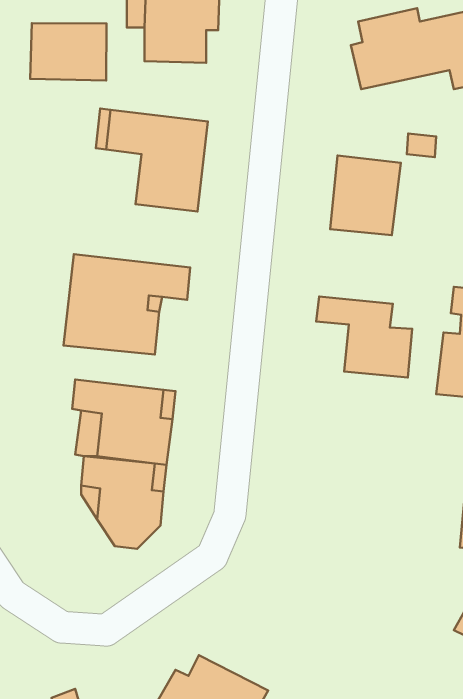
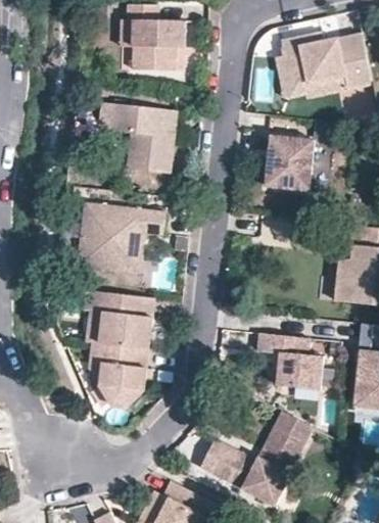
building: [30,23,107,81] -> none
building: [316,296,412,378] -> [255,334,322,390]
building: none -> [199,411,312,506]

